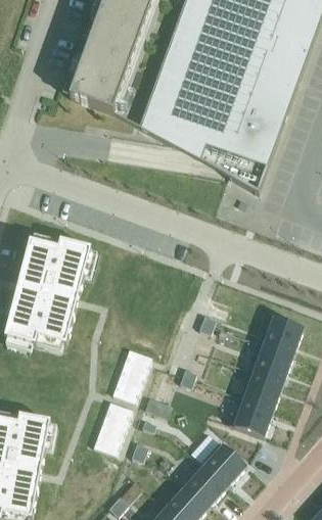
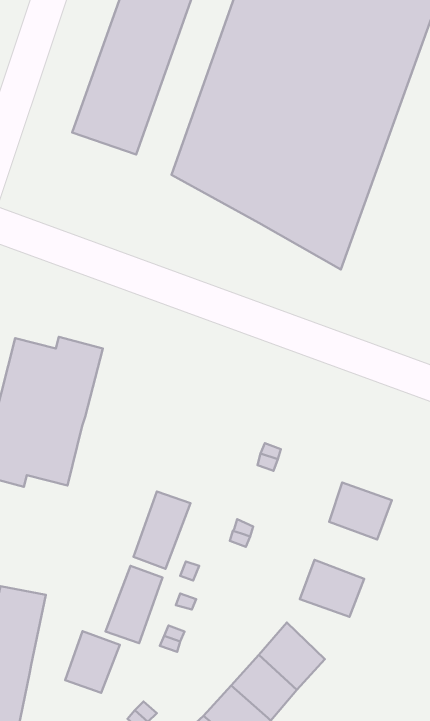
building: [259,315,304,354] -> none
building: [239,370,283,410] -> none
building: none -> [65,631,120,693]

